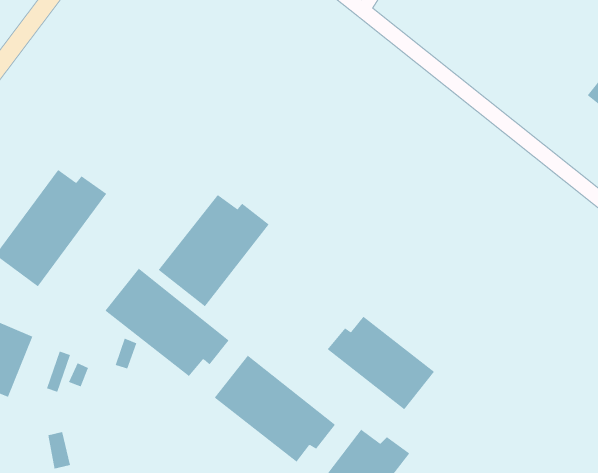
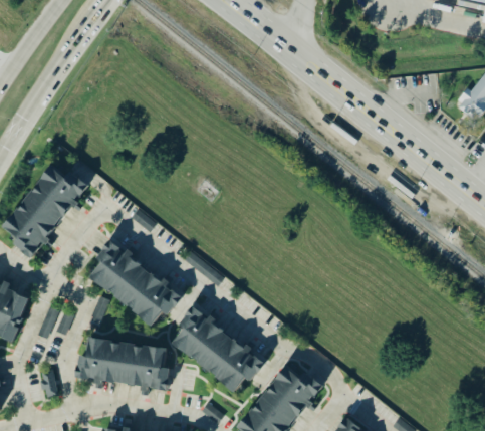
building: [158,194,269,307] -> none
building: [327,316,435,410] -> none
building: none -> [76,339,169,389]

